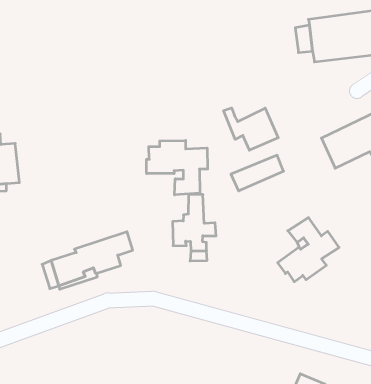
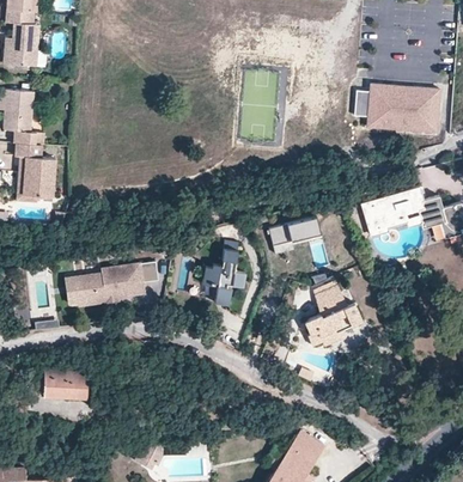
building: [224,108,278,150] -> none
building: [147,140,208,195] -> none
building: none -> [49,368,93,402]

